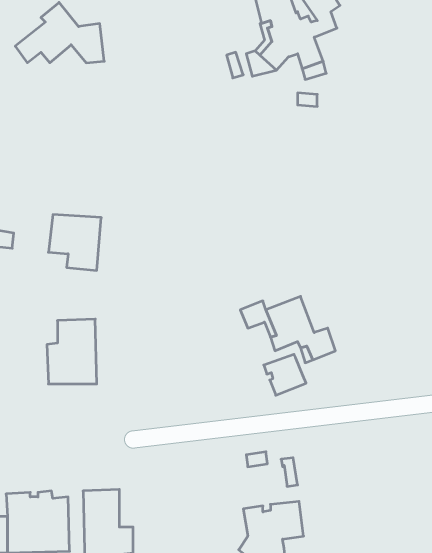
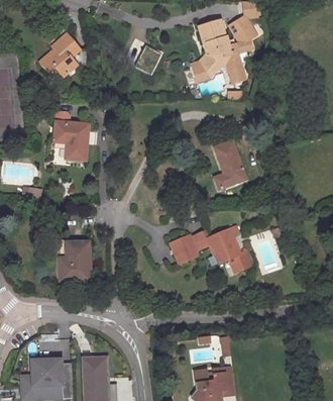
building: none -> [212,144,246,192]
building: [48,215,101,270] -> [55,122,91,160]
building: [264,354,306,395] -> [168,233,196,261]

